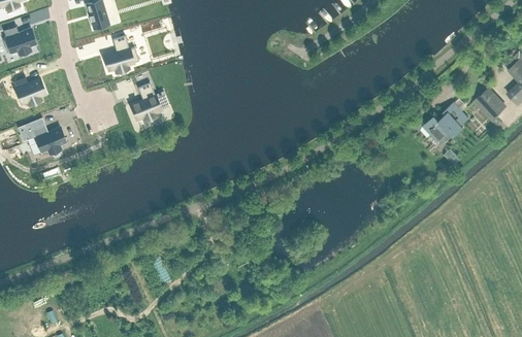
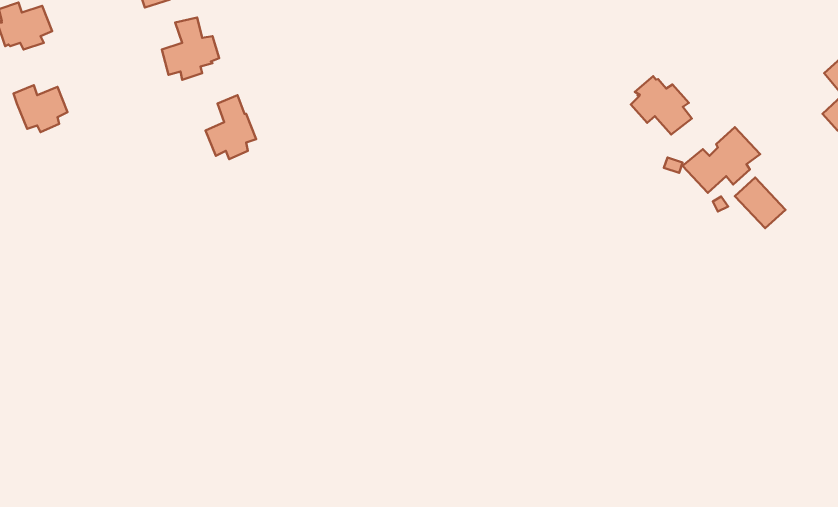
building: none -> [631,76,692,134]
building: [477,88,508,119] -> [735,178,785,228]
building: [18,123,66,156] -> none

